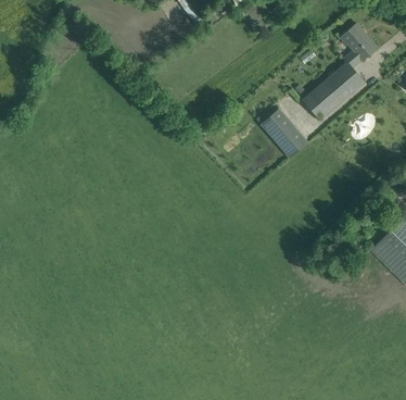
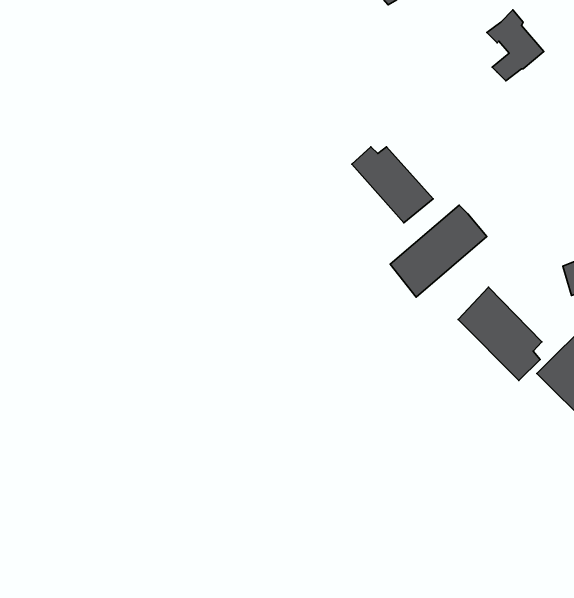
building: [303,62,364,120] -> [390,205,487,297]
building: none -> [458,287,542,380]

